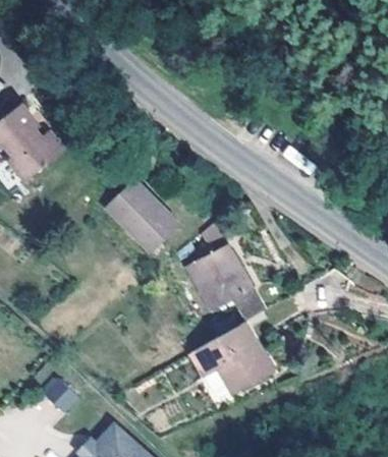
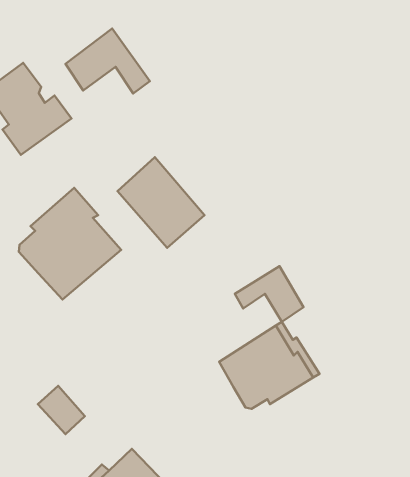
building: none -> [65,29,150,94]
building: none -> [19,188,121,299]
building: [186,241,242,295] -> none

